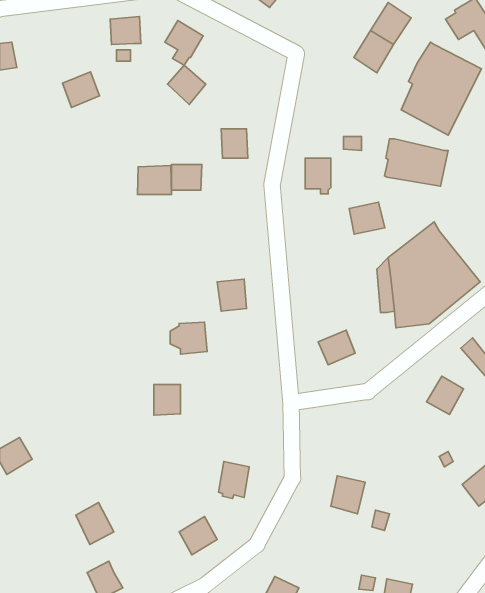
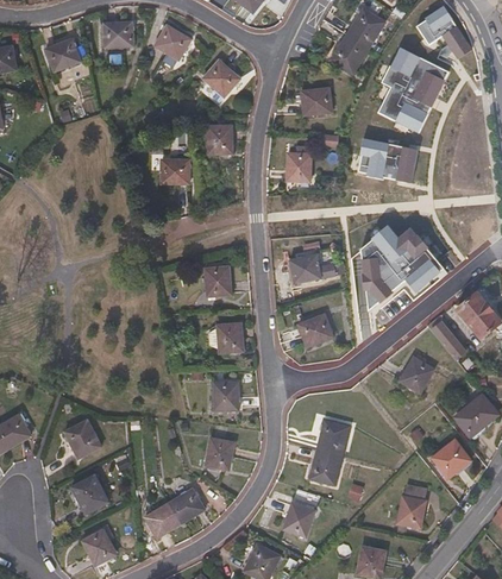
building: [168,65,206,105] -> [203,61,239,97]
building: [63,72,100,107] -> [45,38,80,71]
building: none -> [301,88,334,115]
building: [138,165,171,194] -> none
building: [349,202,385,234] -> [288,254,321,284]
building: [170,322,207,354] -> [208,323,243,353]
building: [154,385,181,415] -> [213,382,238,410]
building: none -> [64,418,101,458]
building: none -> [315,420,349,455]
building: none -> [396,485,426,528]
building: none -> [144,502,180,537]
building: none -> [282,503,314,536]

